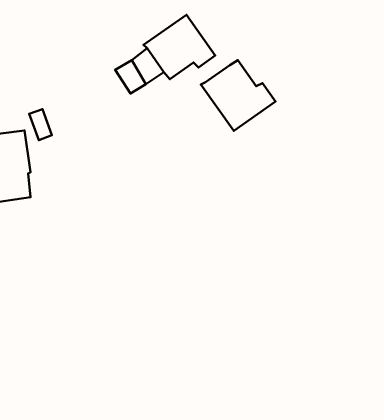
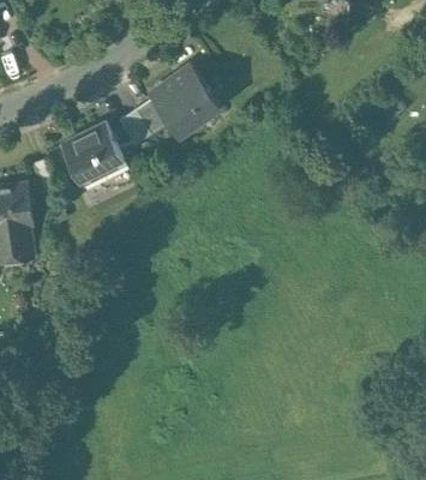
building: [201,60,275,131] -> none
building: none -> [62,124,122,180]

